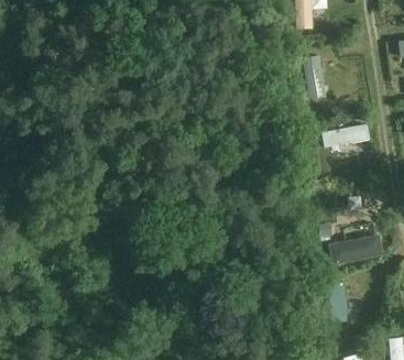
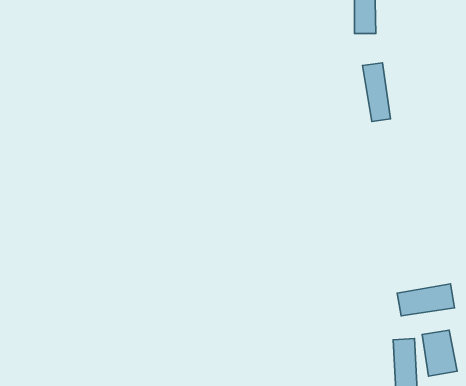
building: [321,126,369,151] -> none
building: none -> [422,330,457,376]

